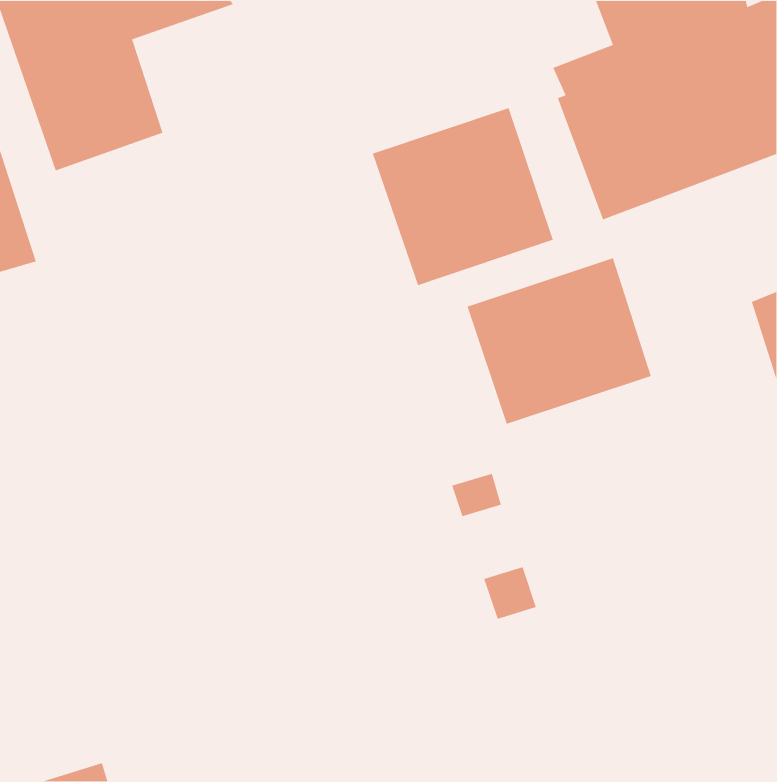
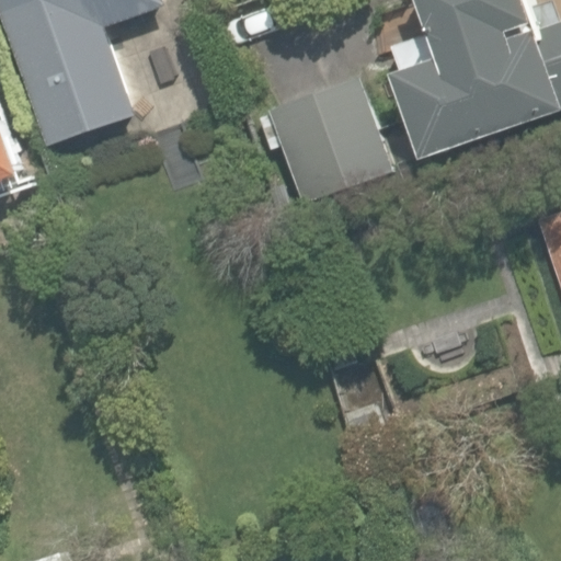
building: [467,257,652,425] -> none

